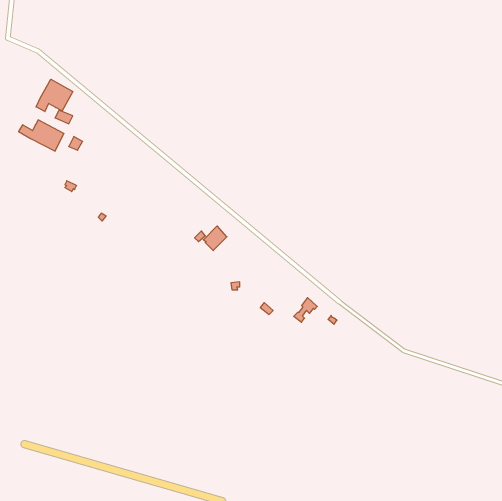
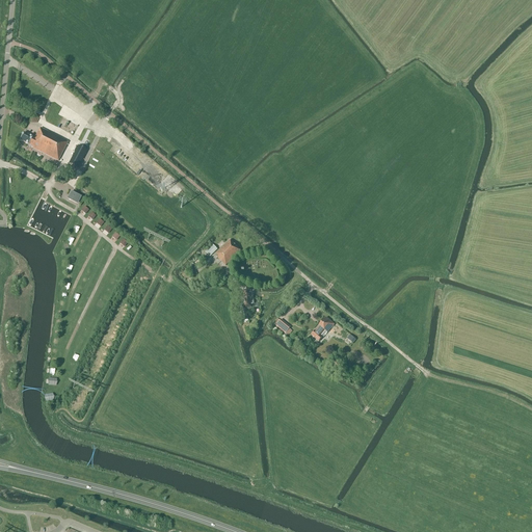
building: [36,79,73,112] -> none

